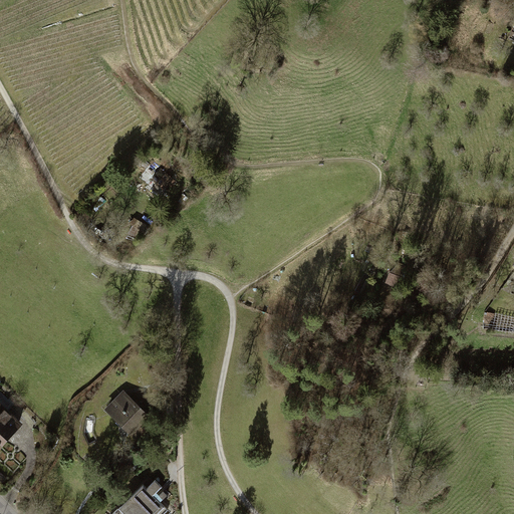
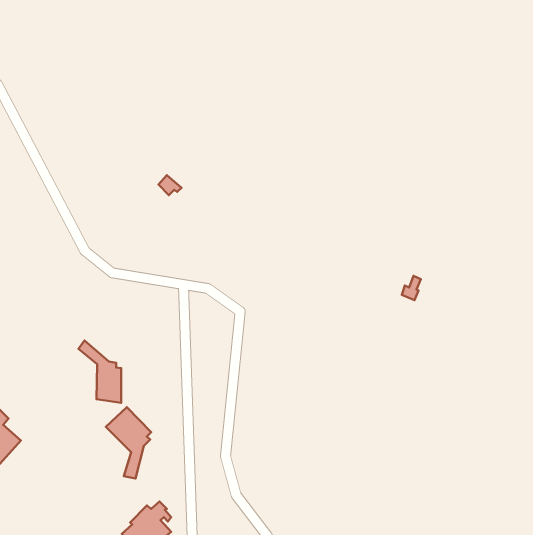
building: none -> [78,340,121,403]

